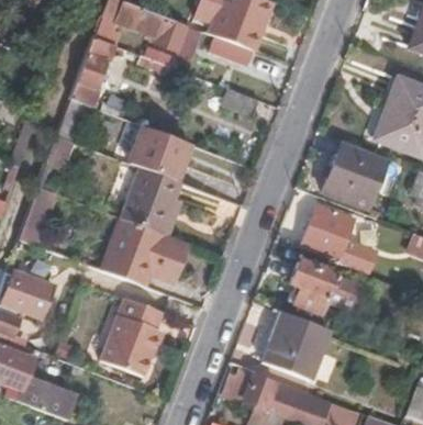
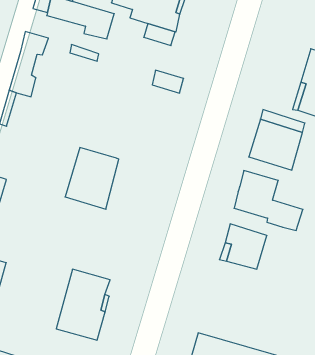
building: [136,128,193,181] -> none
building: [104,219,189,281] -> none
building: [263,312,327,379] -> none

